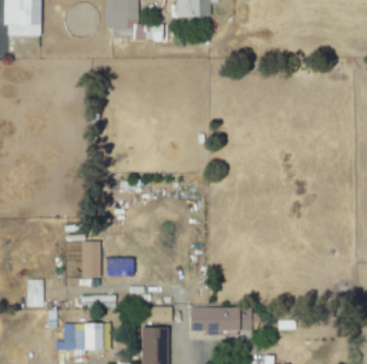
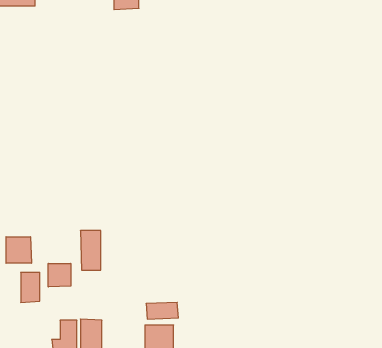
building: none -> [6,237,31,263]
building: none -> [48,263,71,287]
building: [189,307,251,332] -> none

